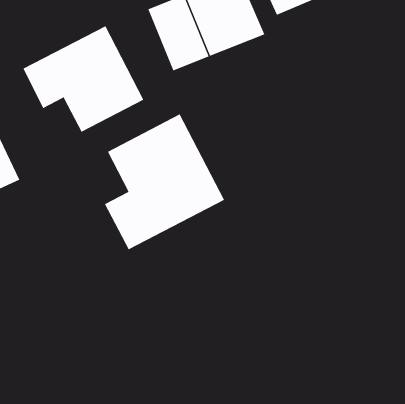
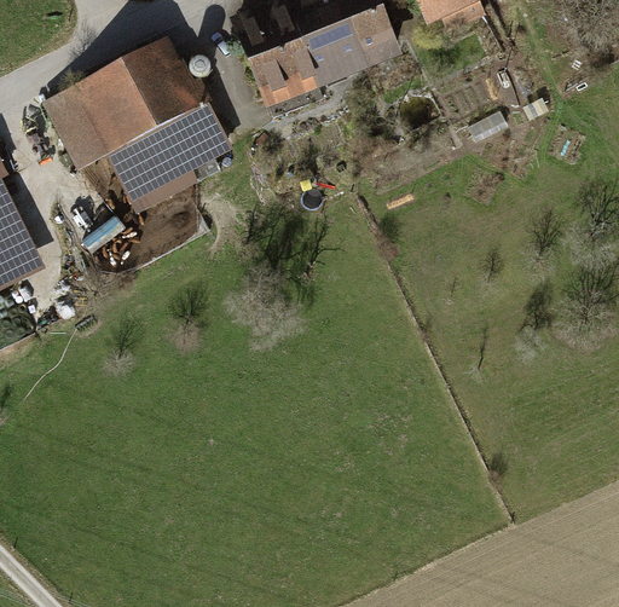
building: [104,114,225,250] -> none

